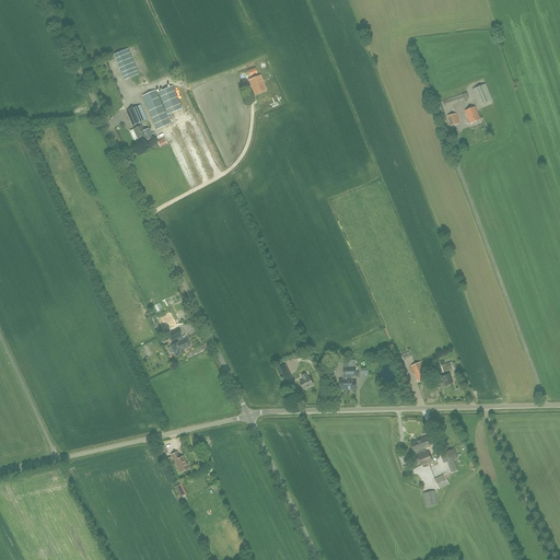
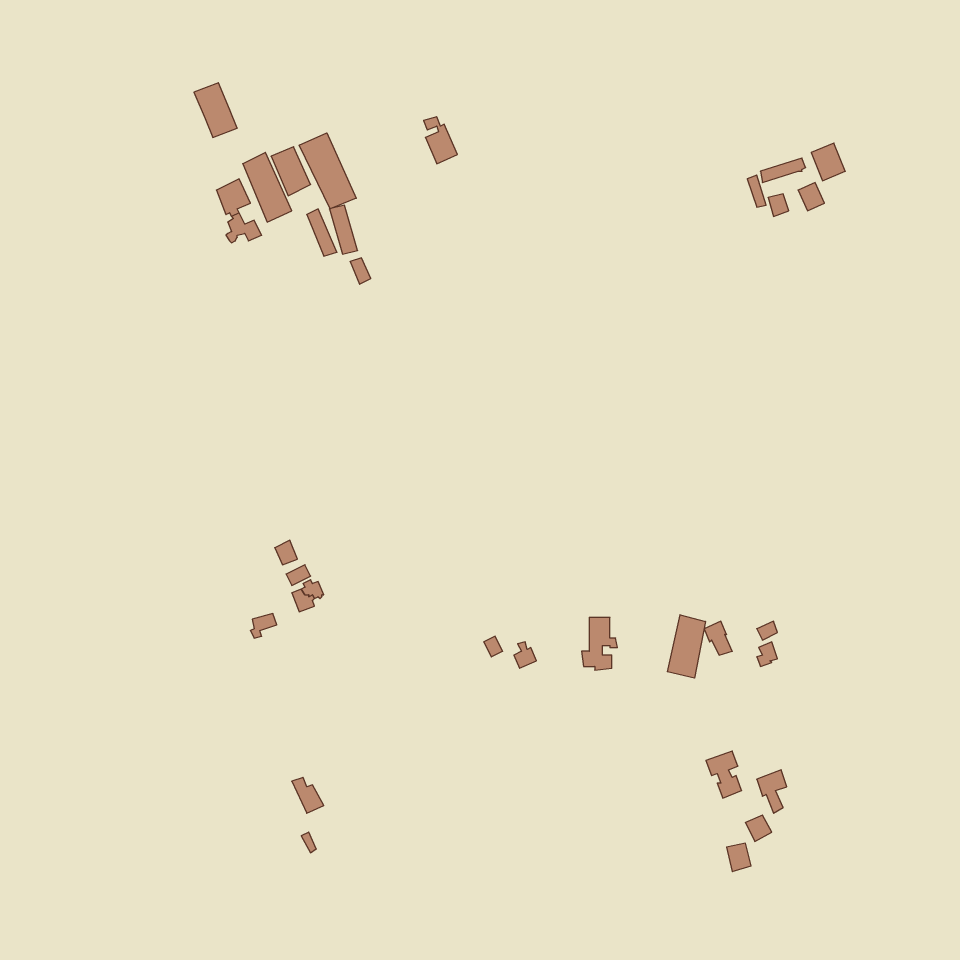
building: none -> [299,133,356,209]
building: none -> [667,615,705,678]

